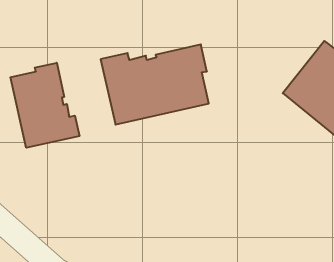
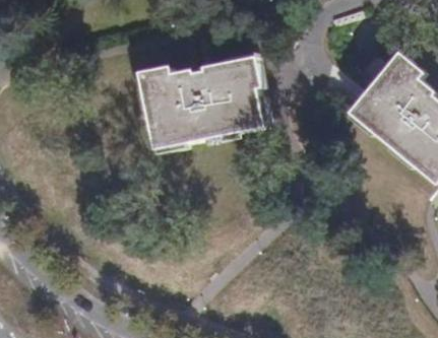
building: [10,63,79,148] -> none

